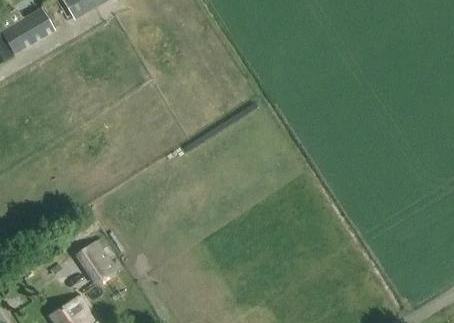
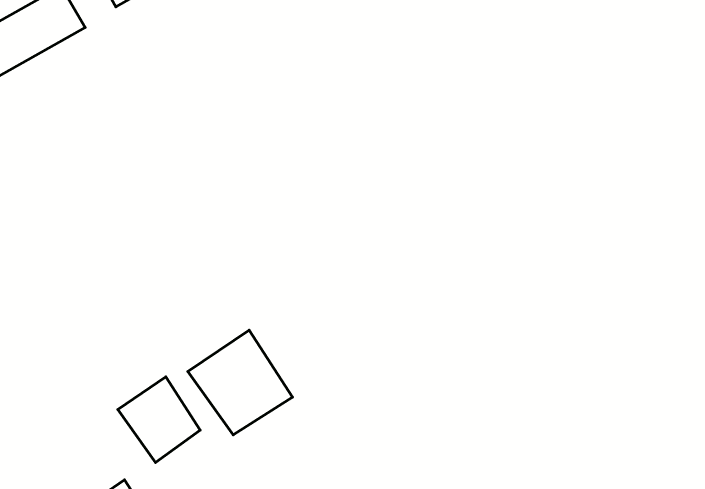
building: none -> [188,330,293,435]

